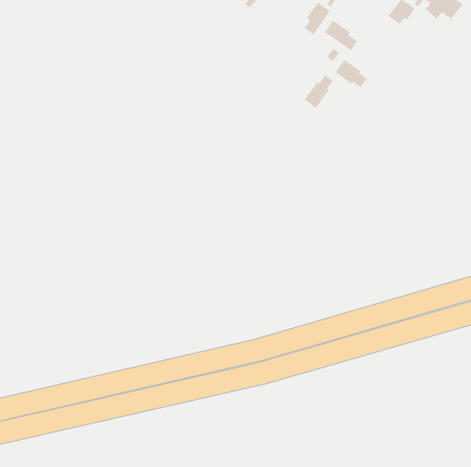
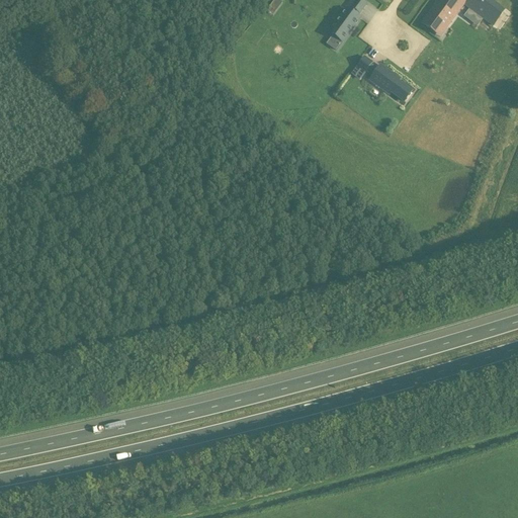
building: [324,20,358,51] -> none
building: [304,74,334,109] -> none

